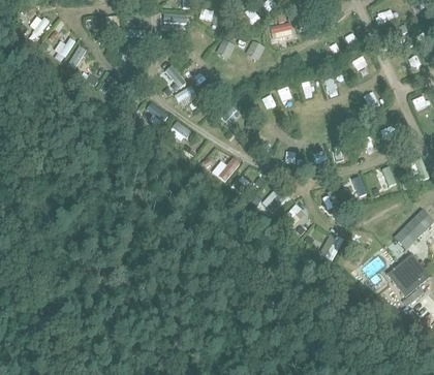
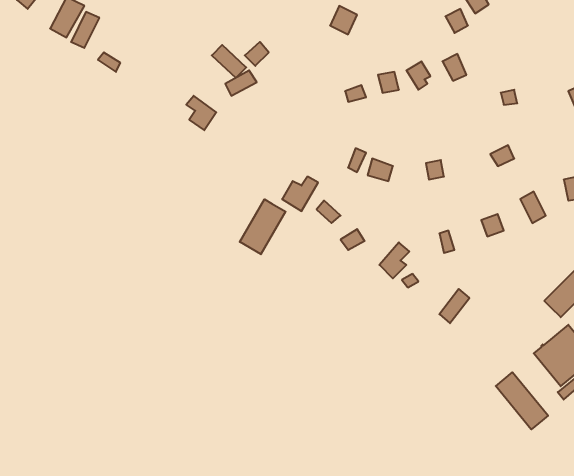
building: none -> [240,199,286,254]
building: none -> [496,372,548,429]

